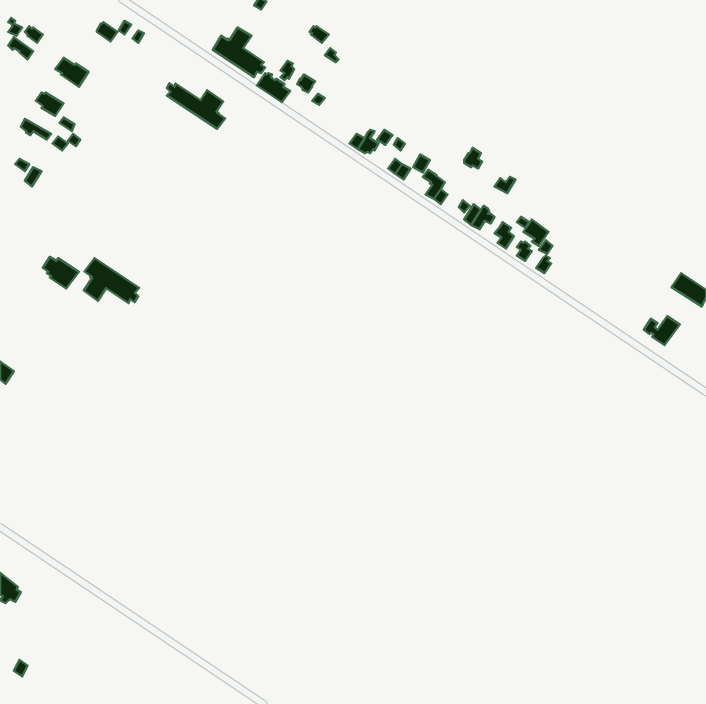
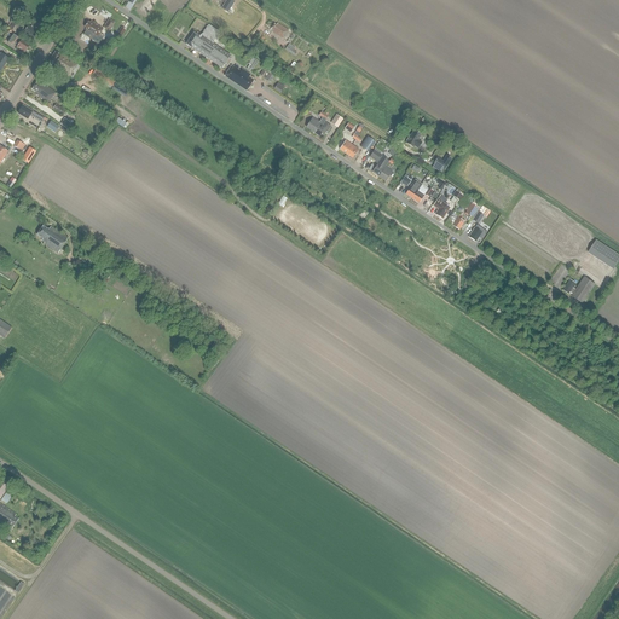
building: [167,83,225,129] -> none
building: [84,258,139,303] -> none

